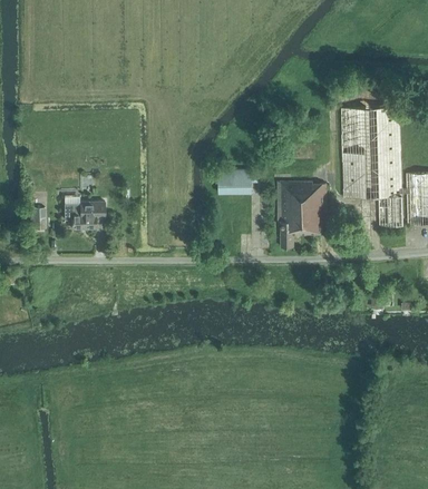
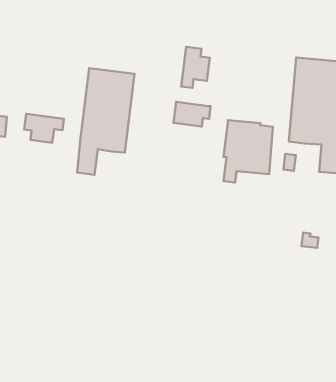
building: none -> [181,47,210,88]
building: none -> [77,68,135,175]

